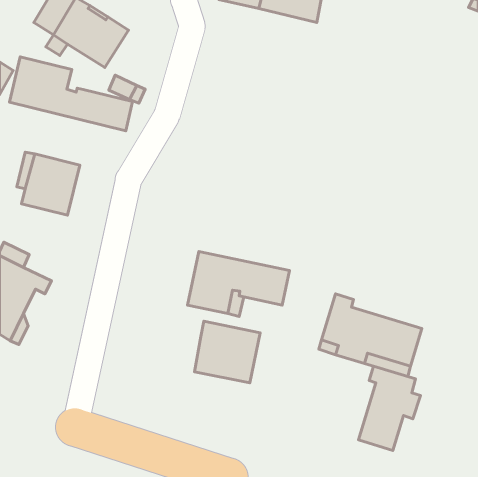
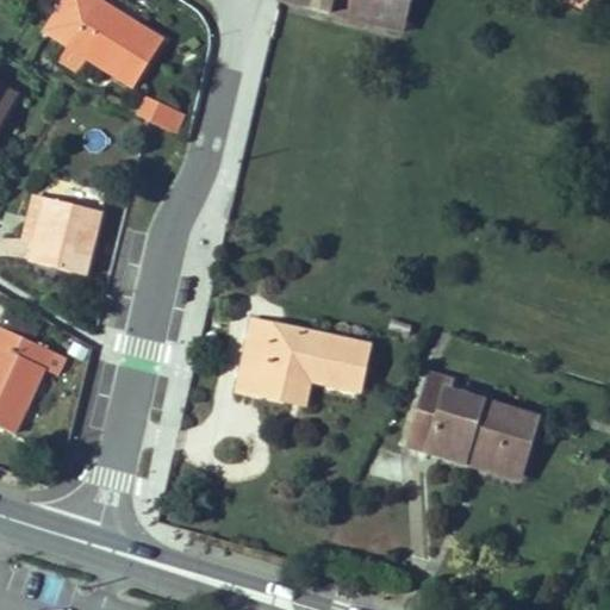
building: [10,57,133,131] -> none
building: [195,321,260,383] -> none
building: [359,366,420,450] -> none

